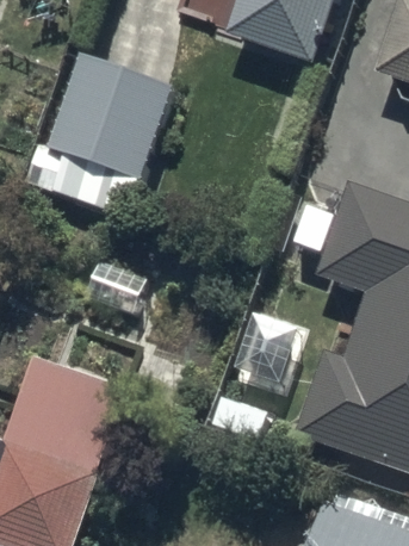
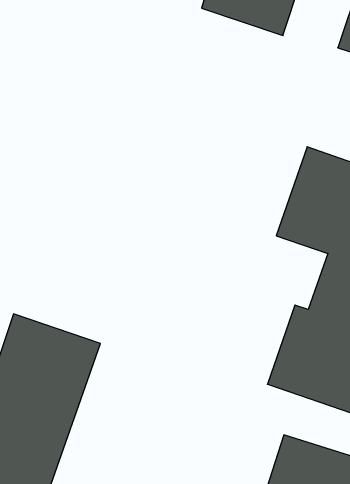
building: [48,46,175,173] -> none

